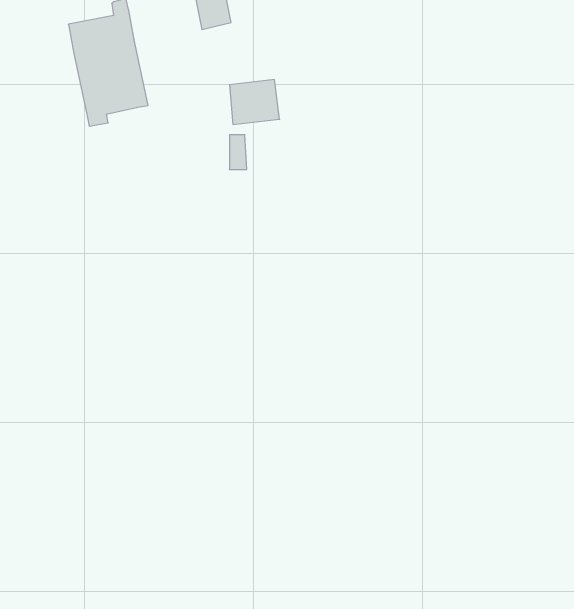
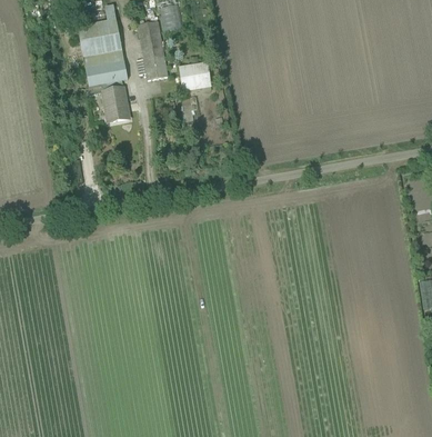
building: none -> [137,21,167,80]
building: none -> [102,86,129,121]

